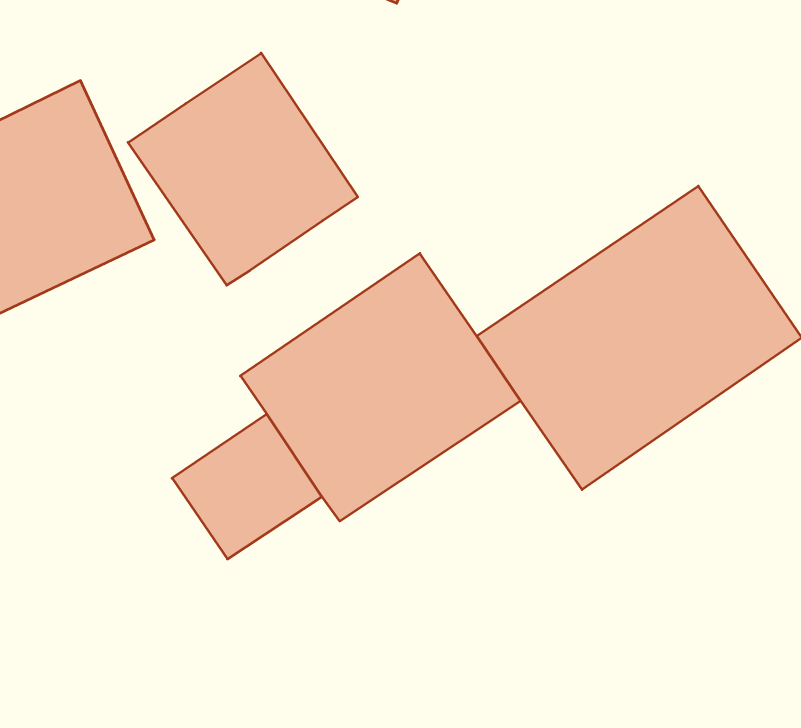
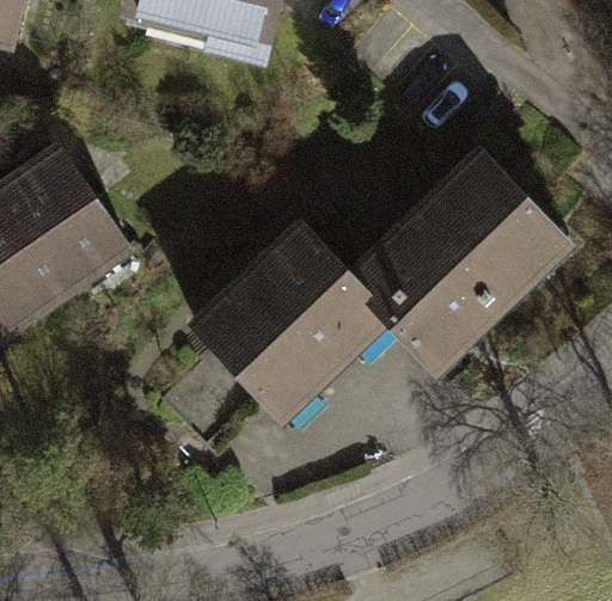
building: [128,53,358,285] -> none

